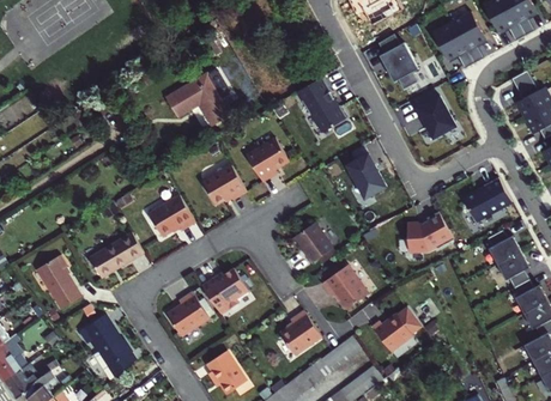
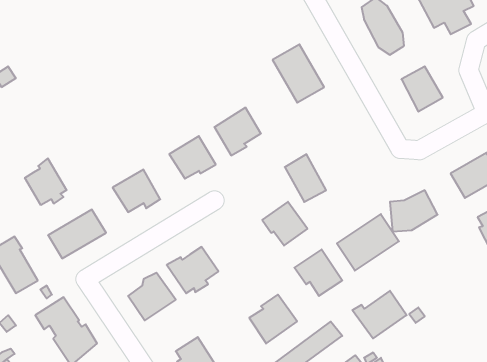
building: [165,73,230,126] -> none
building: [347,152,386,196] -> [285,154,326,202]
building: none -> [25,158,67,205]
building: none -> [337,214,399,271]

